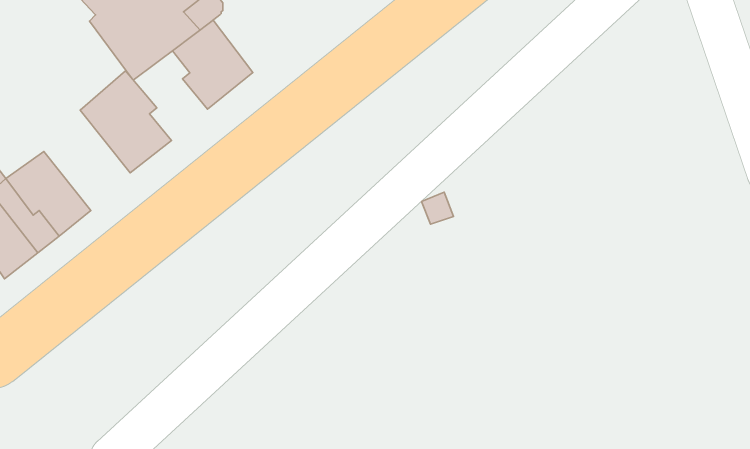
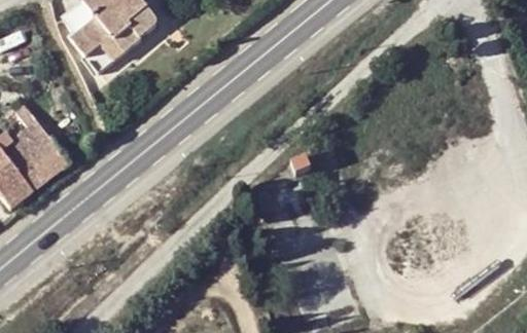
building: [172,20,253,109] -> none
building: [80,71,171,173] -> none

